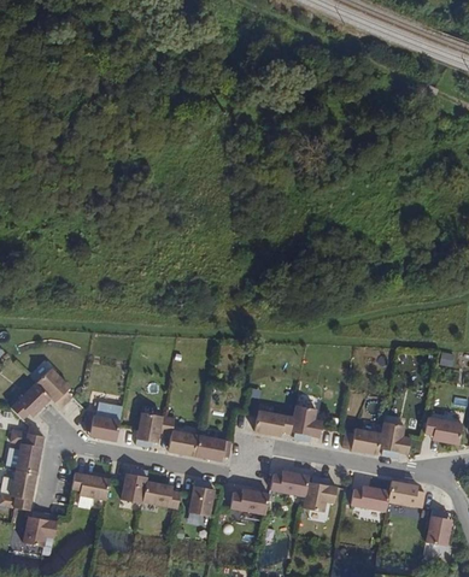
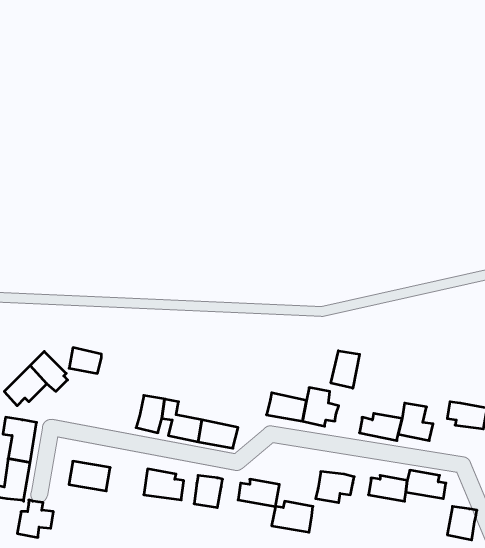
building: none -> [331,351,360,388]
building: [89,416,119,440] -> [69,348,101,373]
building: [269,469,307,497] -> [272,501,313,532]
building: [119,472,145,504] -> none

